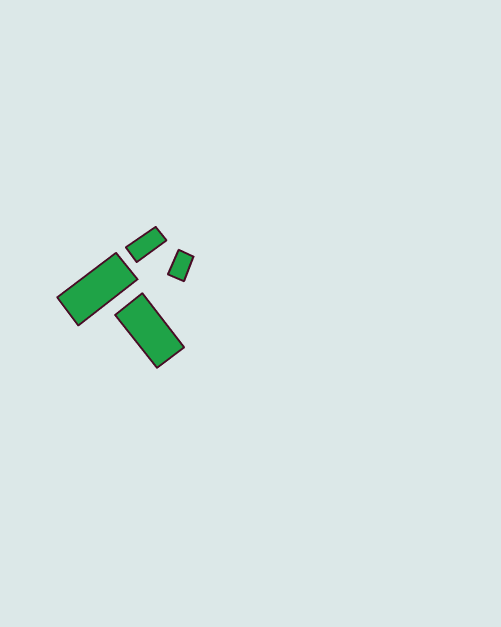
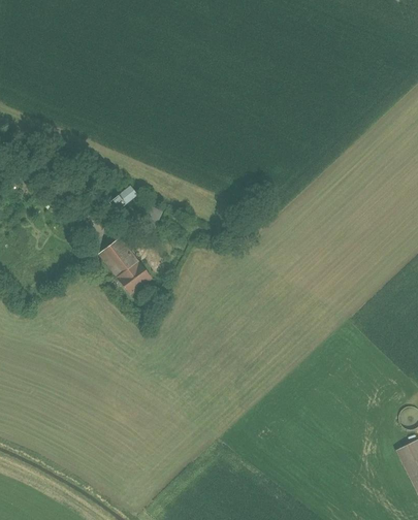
building: [57,253,138,325] -> none

